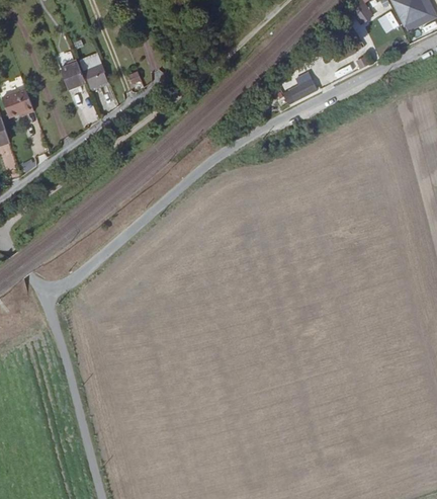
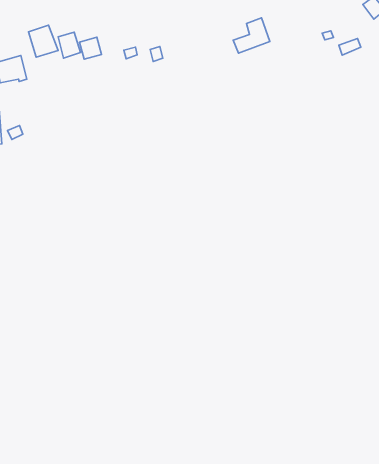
building: none -> [28,25,58,57]
building: [282,67,318,103] -> [233,18,270,53]

